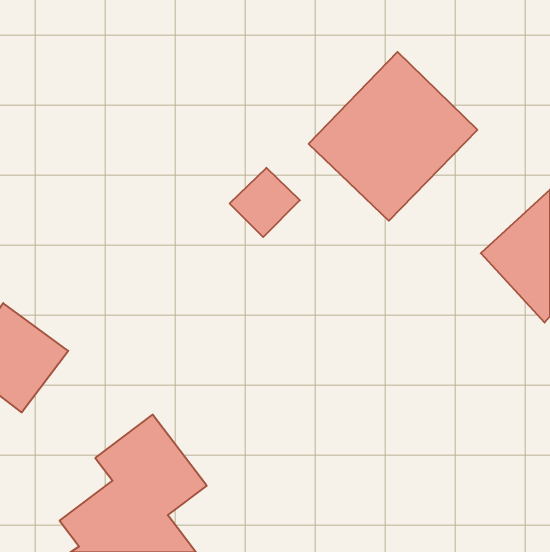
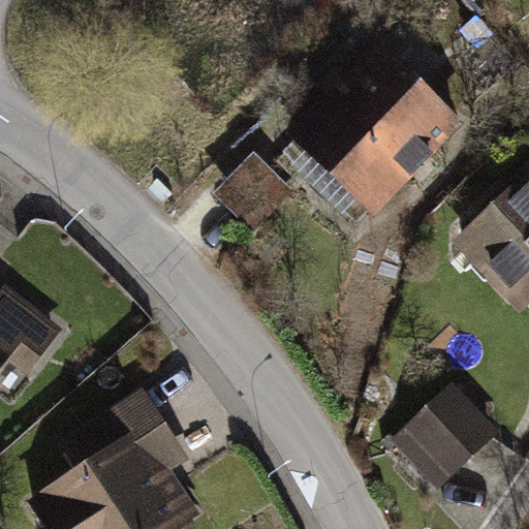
building: none -> [398,394,490,486]

